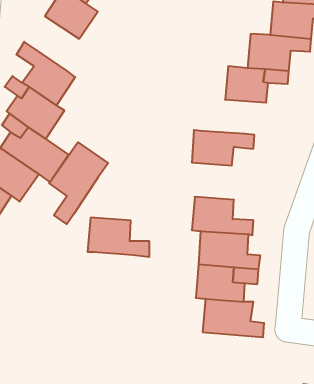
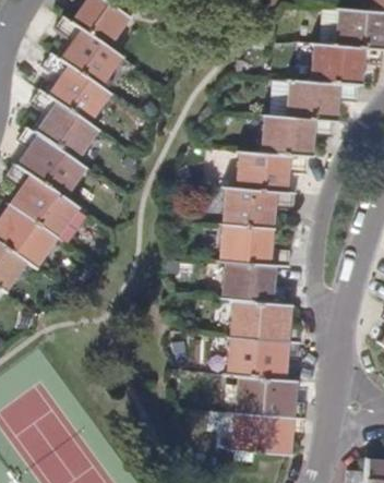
building: none -> [47,55,108,121]
building: none -> [238,150,308,191]
building: [49,142,108,224] -> none
building: [88,218,149,257] -> [221,222,290,266]
building: none -> [235,411,304,454]

